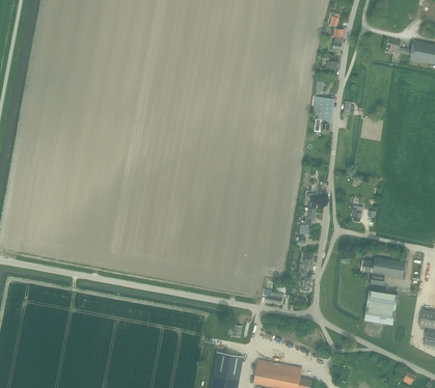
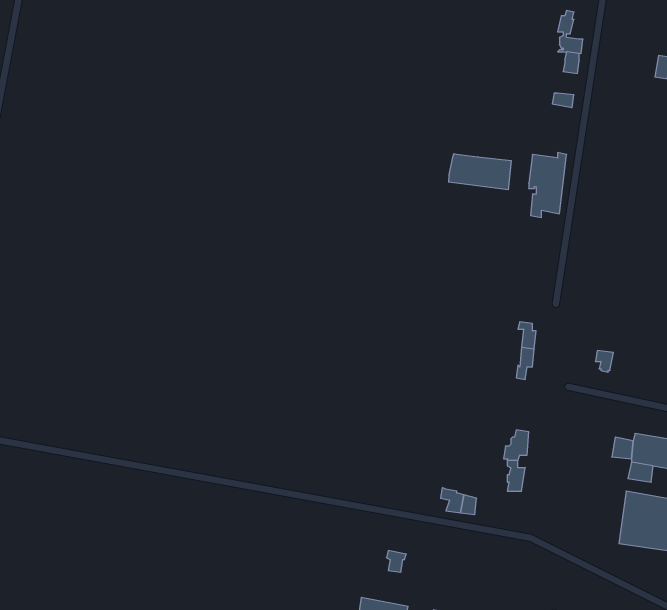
building: none -> [449,154,511,190]

